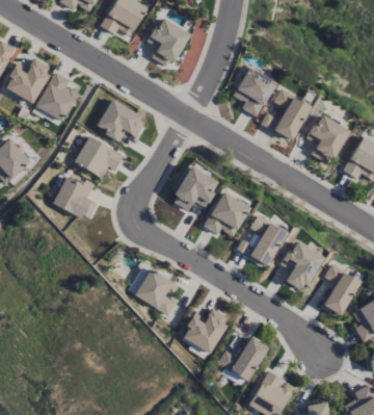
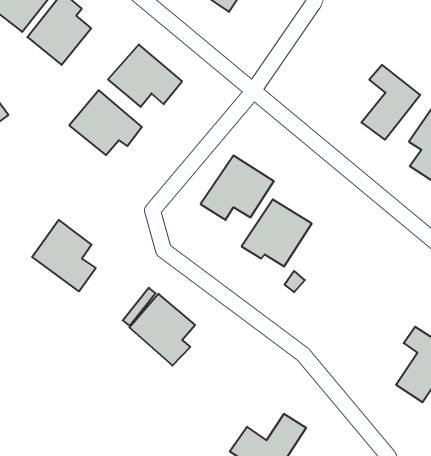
building: [234,67,276,116] -> none
building: [53,174,98,221] -> [32,220,96,291]
building: [249,214,286,265] -> none
building: [280,239,323,290] -> none
building: [182,308,231,353] -> none

